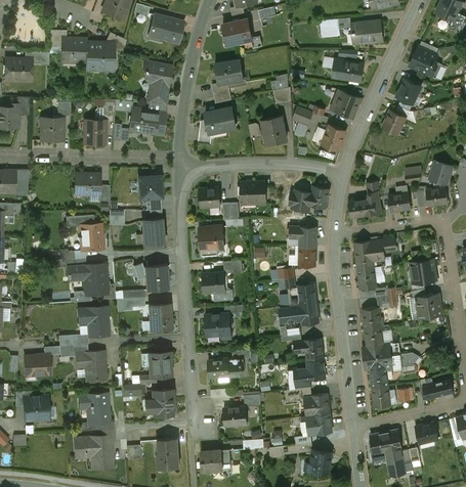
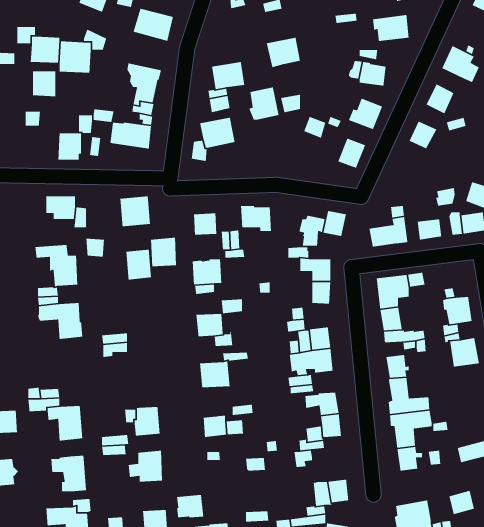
building: [222,19,252,46] -> [266,37,301,68]
building: [260,117,287,145] -> [248,87,280,120]
building: [42,119,62,141] -> [32,70,56,97]
building: [145,265,168,291] -> [150,237,177,267]
building: [149,304,171,330] -> none
building: [77,307,109,338] -> none
building: [304,394,330,415] -> none
building: [224,406,248,427] -> [176,494,204,518]

